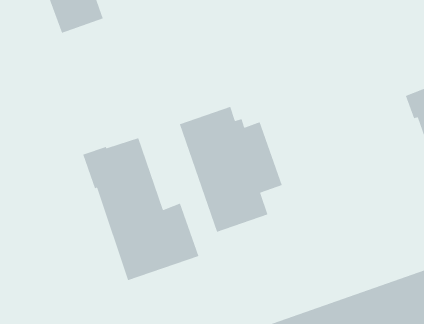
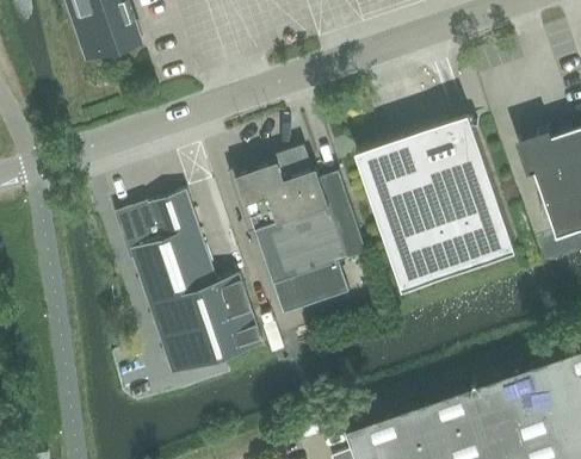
building: none -> [356,116,514,291]

